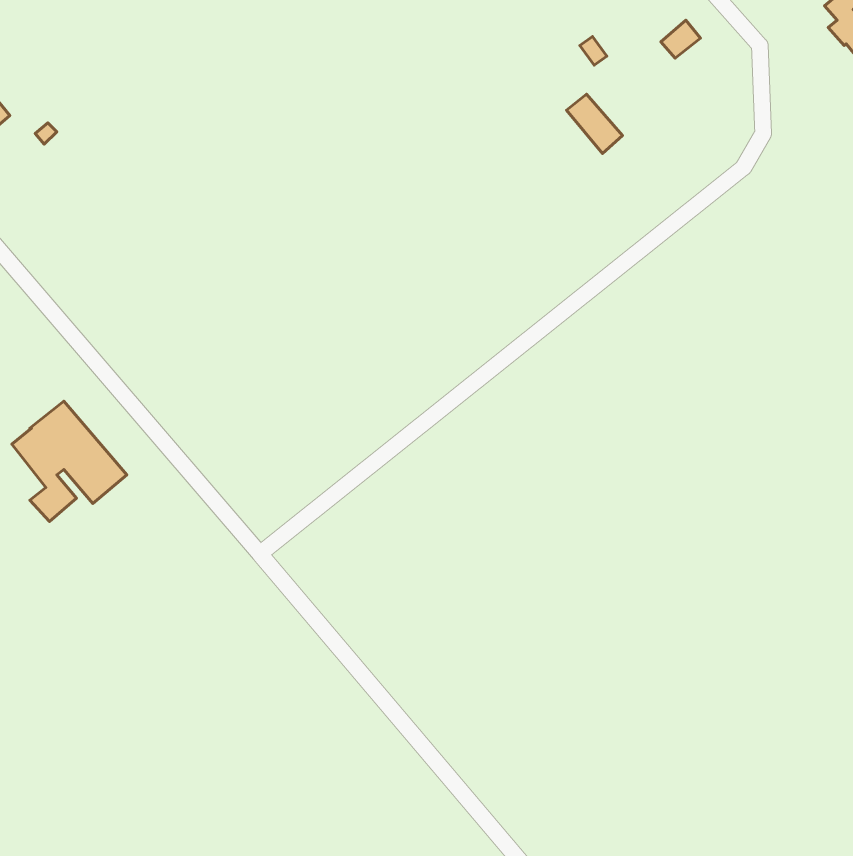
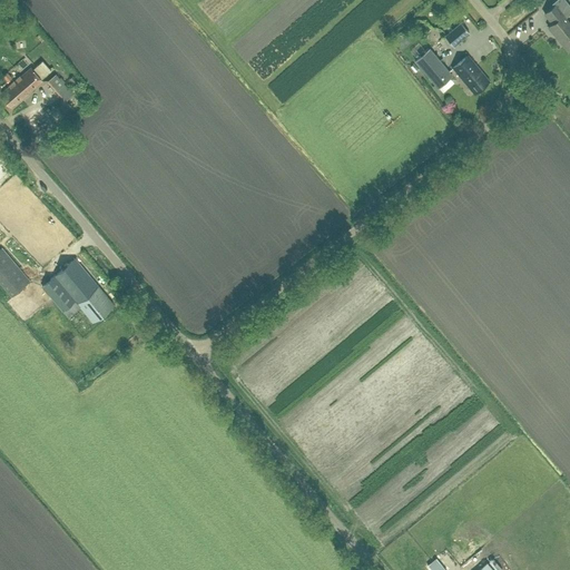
building: none -> [453,56,490,95]
building: [567,94,622,153] -> [417,51,452,88]

